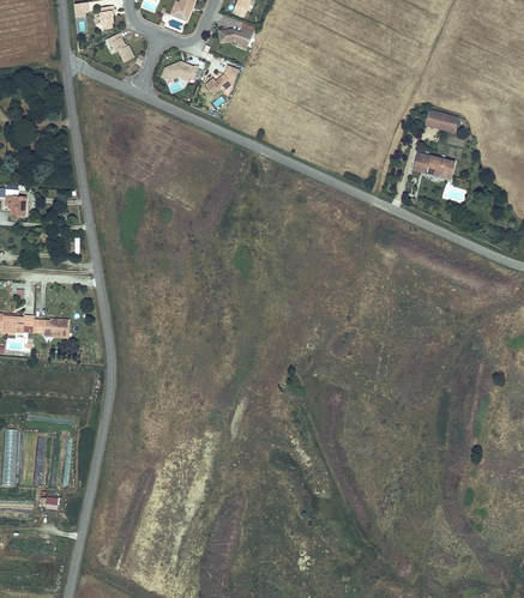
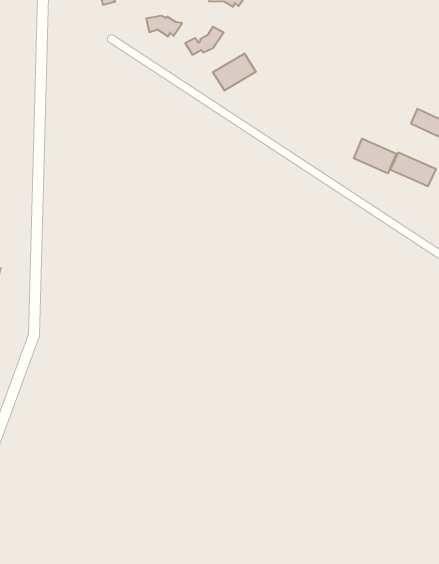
building: none -> [213,53,256,91]
building: none -> [354,139,396,173]

